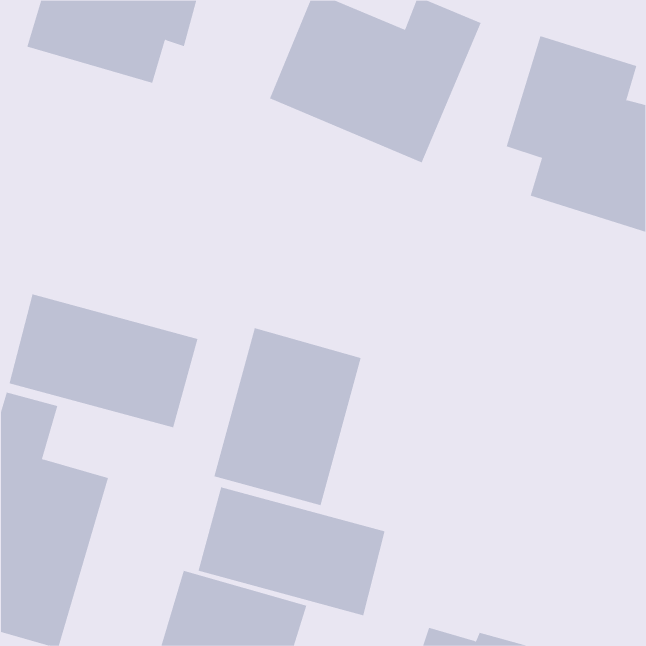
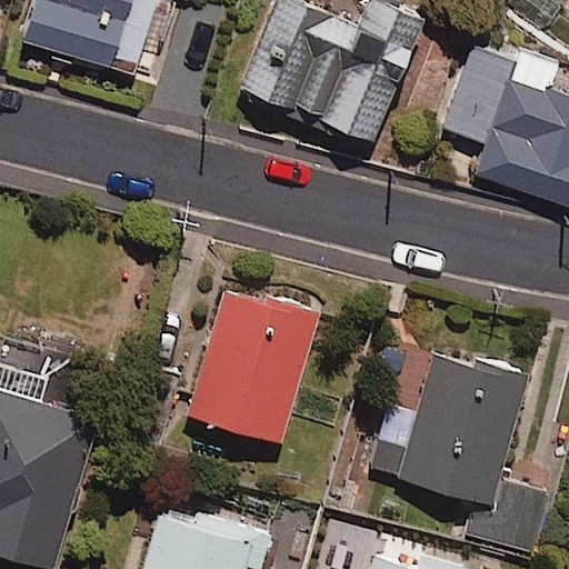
building: [9,294,198,428] -> none
building: none -> [400,355,545,549]
building: [198,487,385,616] -> none

